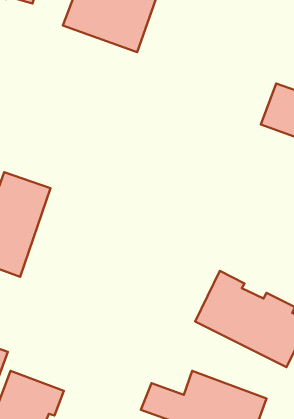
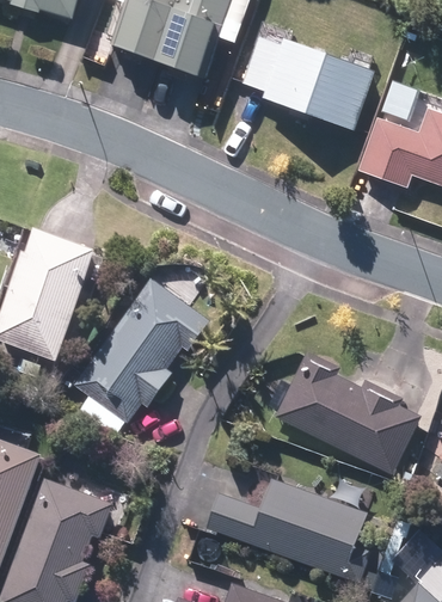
building: none -> [245,41,373,130]
building: none -> [74,280,209,423]

